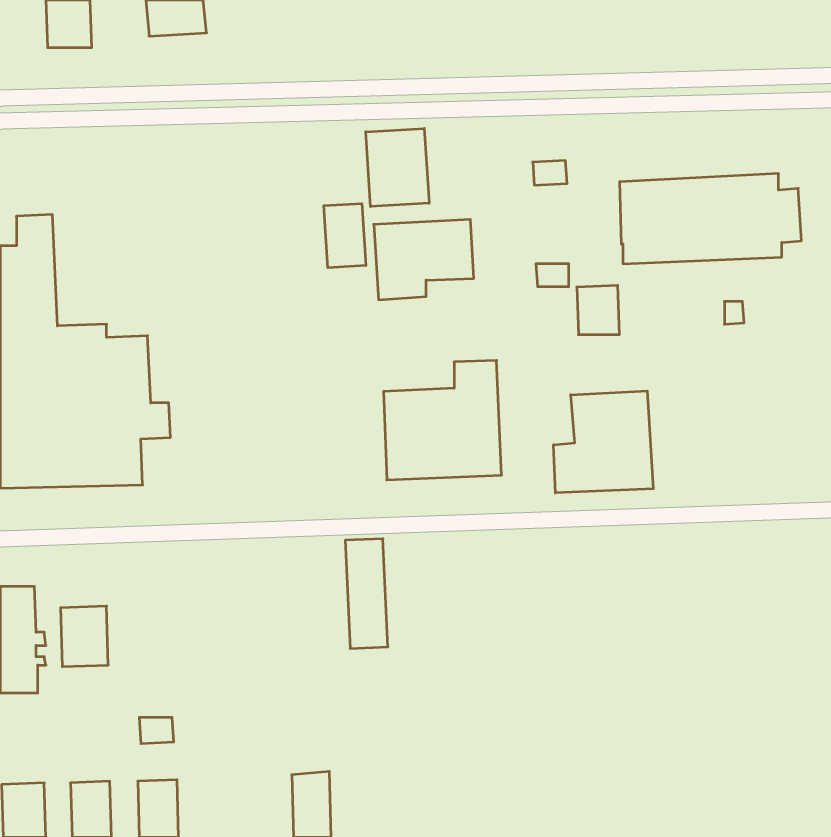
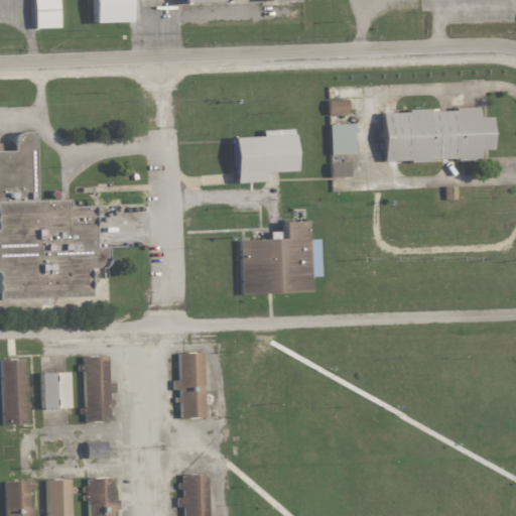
building: [366,128,429,207] -> none
building: [324,204,366,268] -> none
building: [577,285,619,335] -> [333,123,359,153]
building: [554,391,653,493] -> none
building: [345,539,388,648] -> [178,354,205,421]
building: none -> [80,357,117,422]

